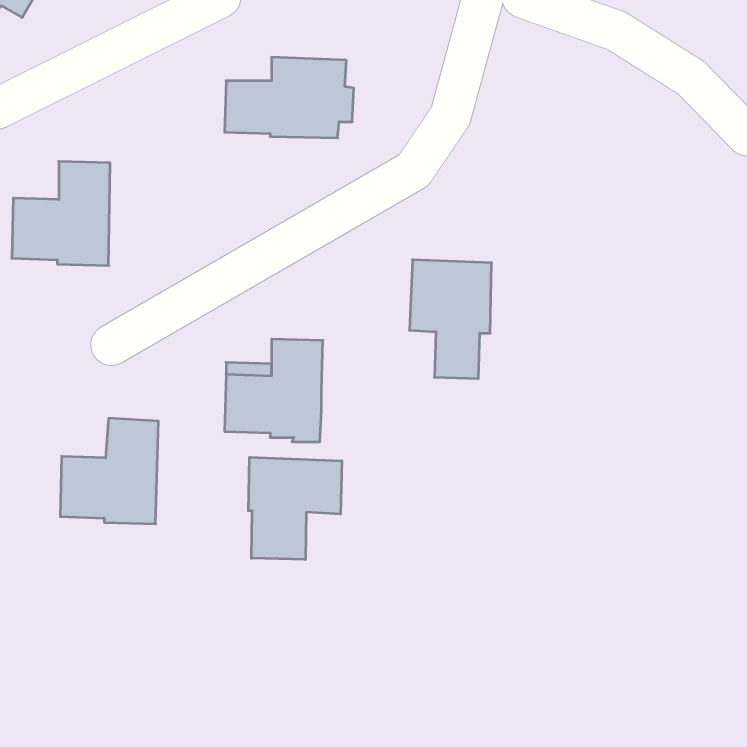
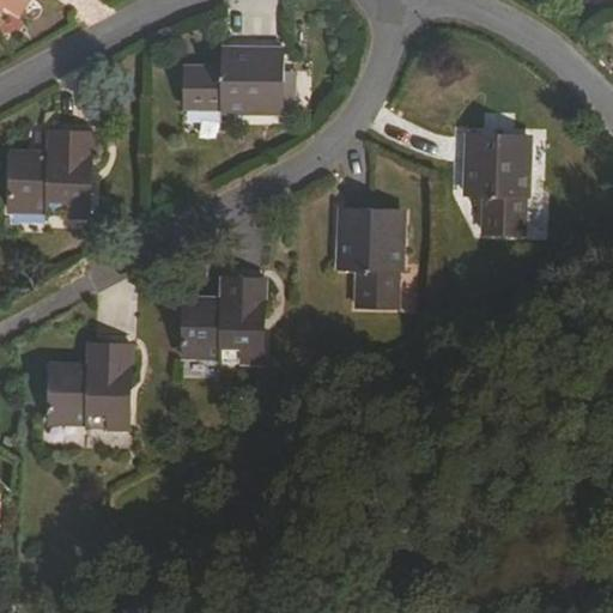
building: none -> [465,132,528,232]
building: [248,457,342,560] -> none

